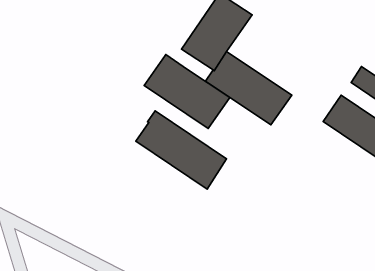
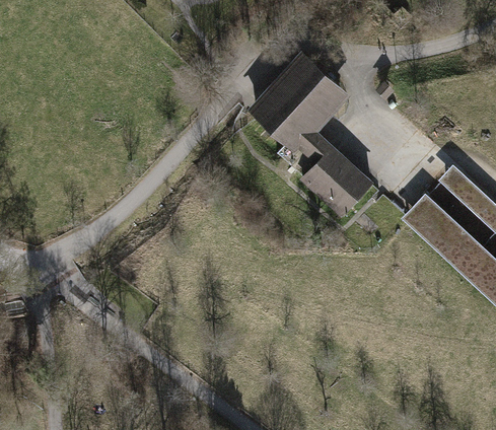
building: [144,54,230,128] -> none
building: [136,111,227,189] -> none

